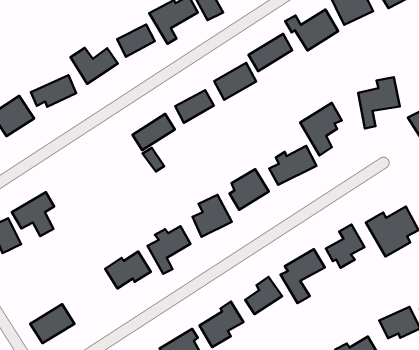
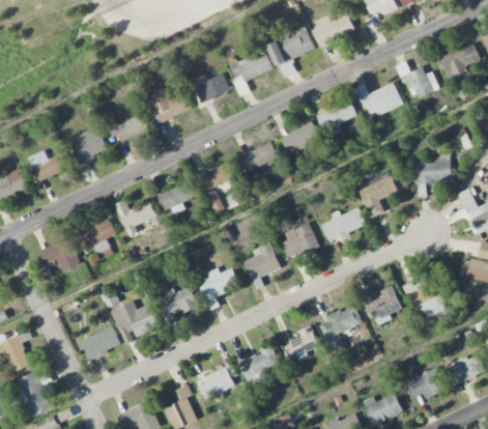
building: none -> [156,180,197,214]
building: none -> [114,200,155,236]
building: none -> [110,301,159,343]

